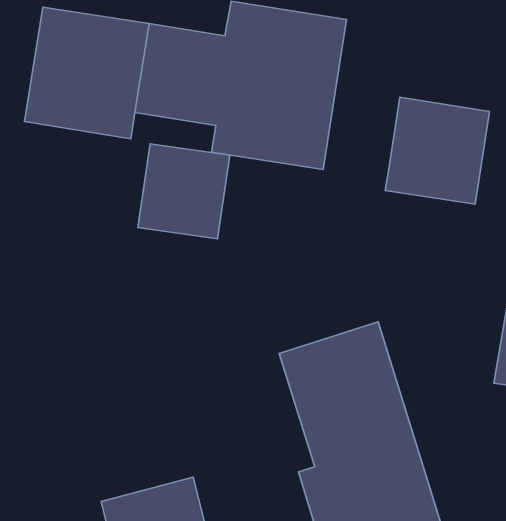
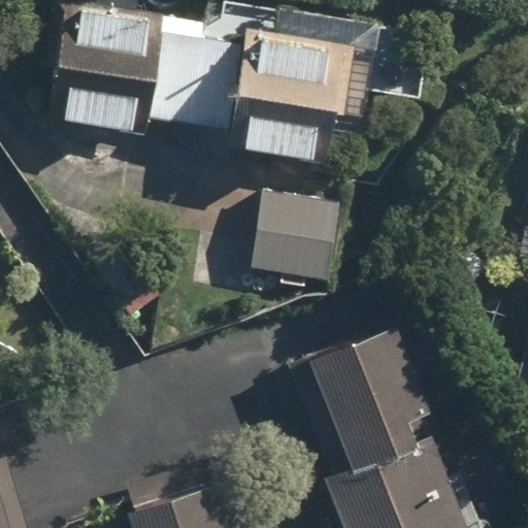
building: [385,97,489,204] -> none
building: [138,144,230,239] -> [249,189,341,285]

